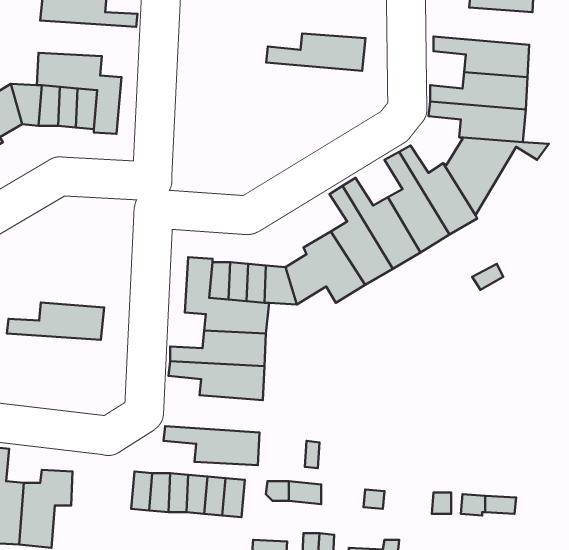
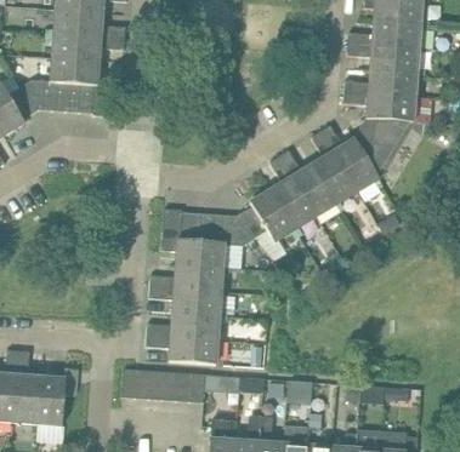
building: none -> [52,30,125,57]
building: [266,33,365,71] -> [347,21,421,48]
building: [7,303,104,340] -> [147,310,220,338]

